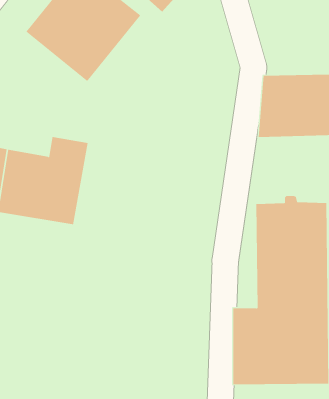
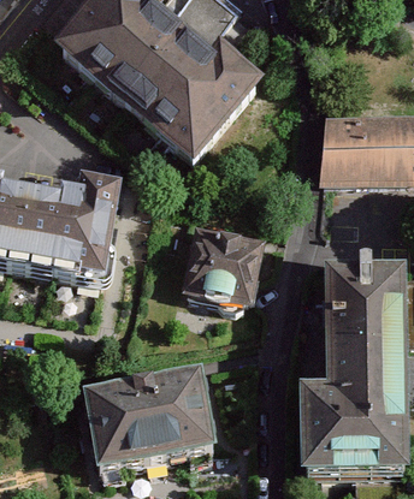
building: none -> [123,42,266,177]
building: none -> [181,222,266,303]
building: none -> [82,362,219,465]

